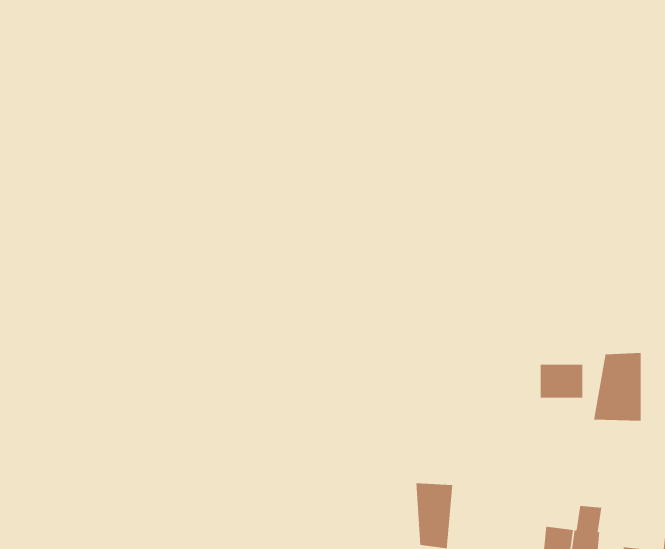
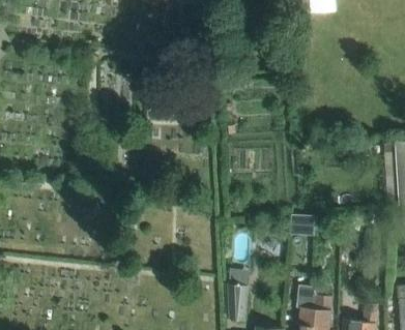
building: [594,352,641,422] -> none

